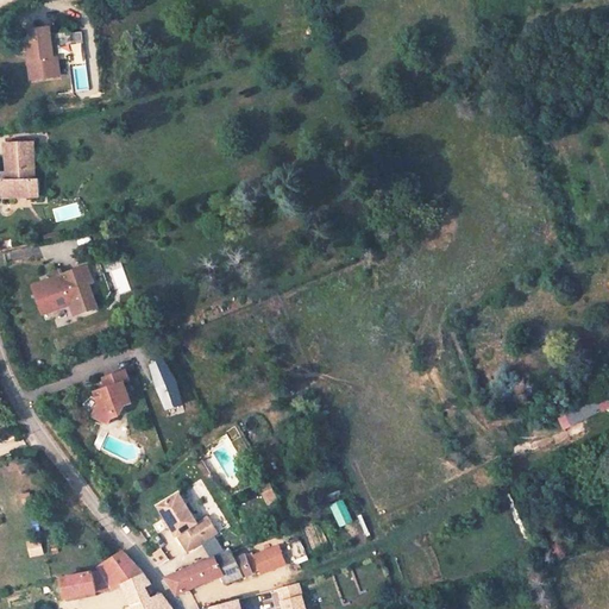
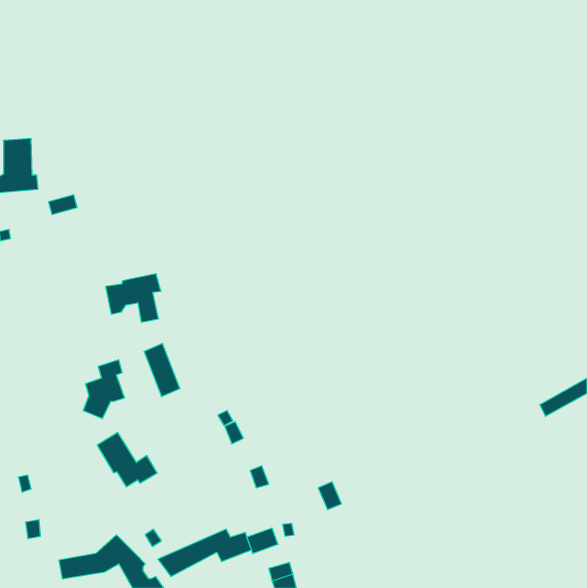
building: [25,27,59,79] -> none
building: [33,270,90,320] -> [106,274,161,322]
building: [155,492,216,548] -> [97,433,157,487]

